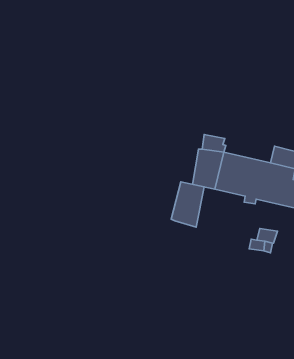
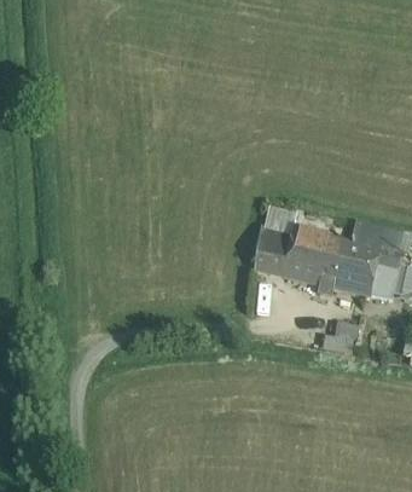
building: [171,182,204,227] -> none

